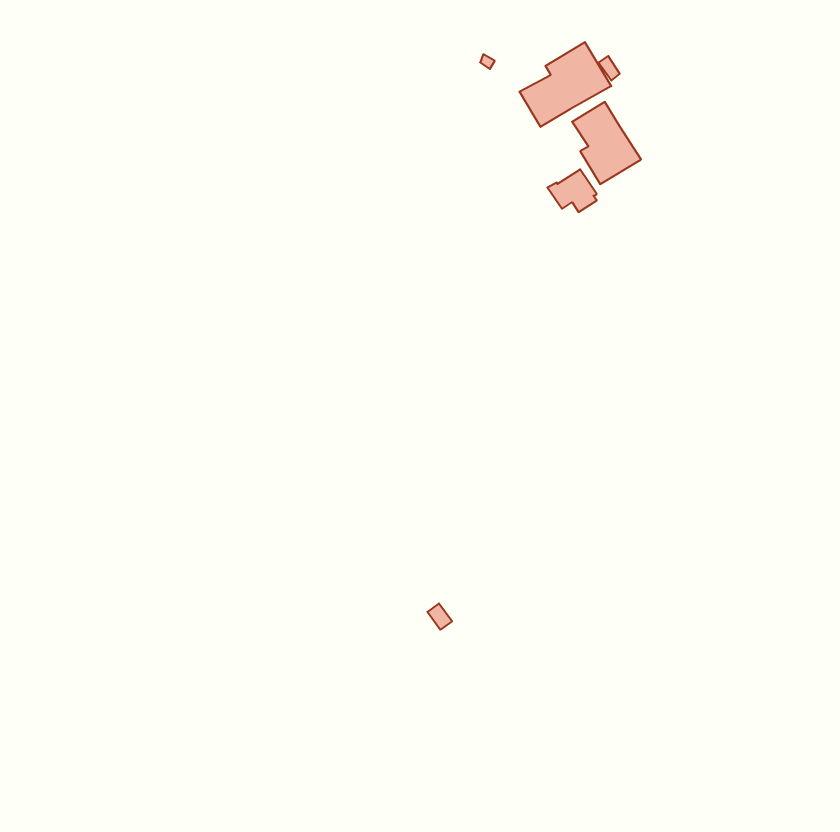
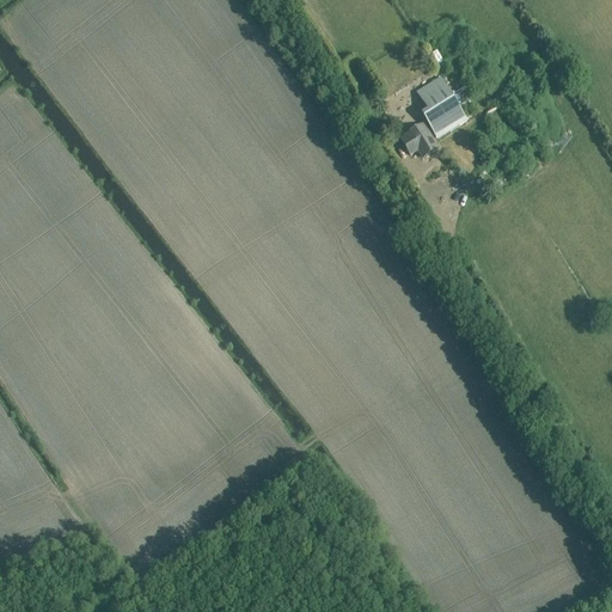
building: [519,42,611,127] -> none

